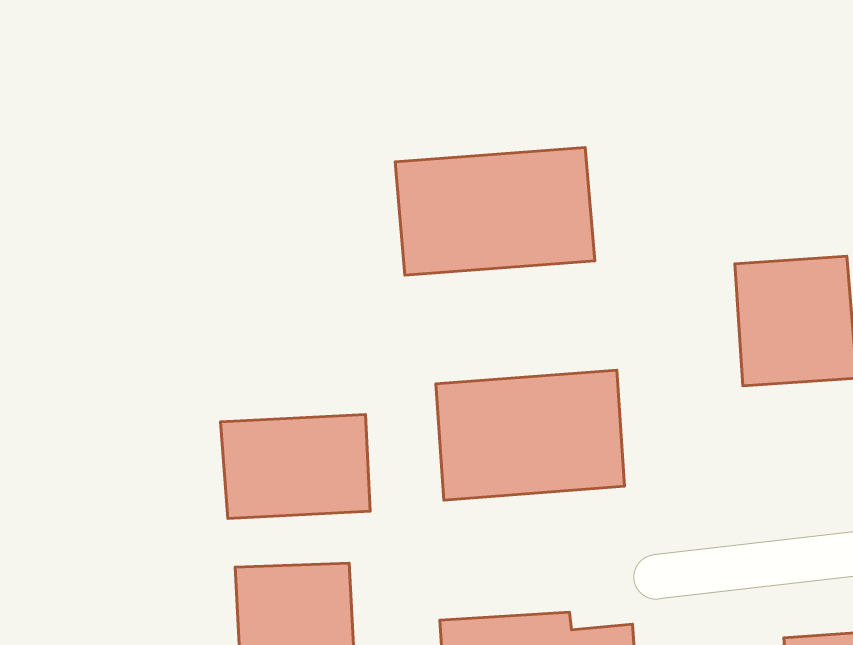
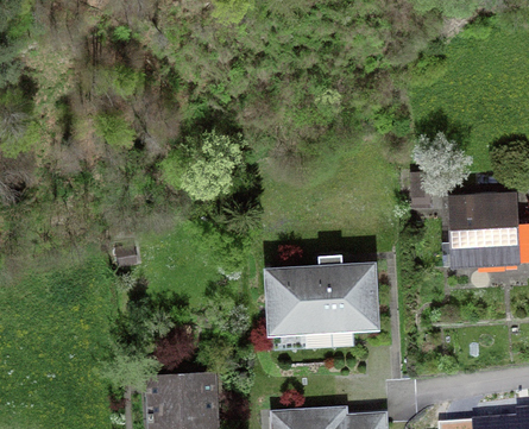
building: [395,147,595,275] -> none
building: [221,414,370,518] -> none

